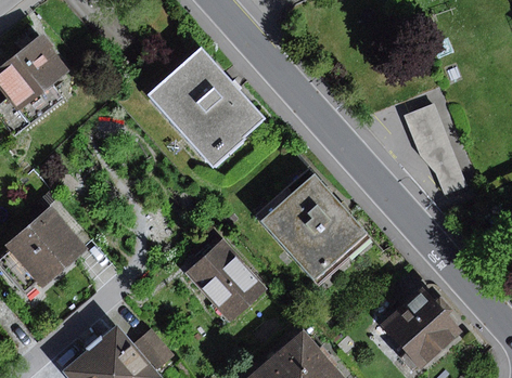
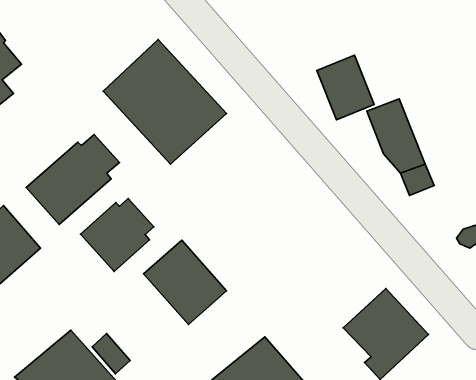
building: none -> [317,55,374,120]
building: none -> [26,135,119,225]
building: [256,167,371,283] -> none
building: none -> [81,199,154,271]

